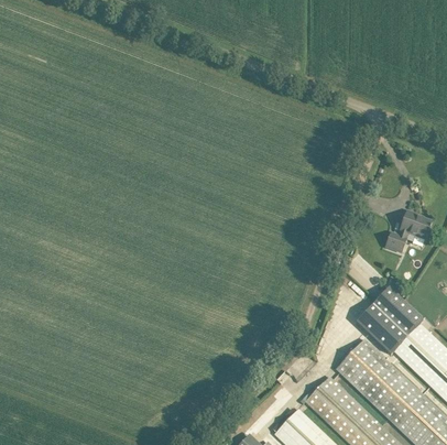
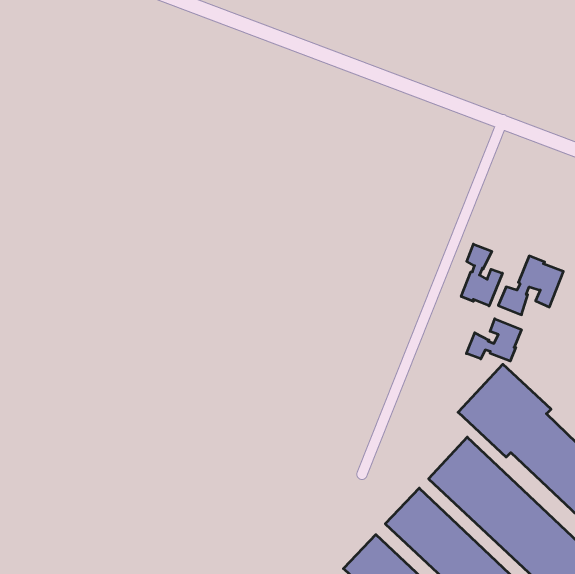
building: none -> [461,244,502,306]
building: none -> [466,319,521,361]

